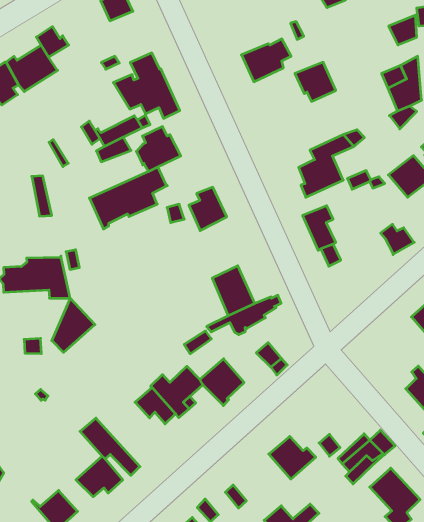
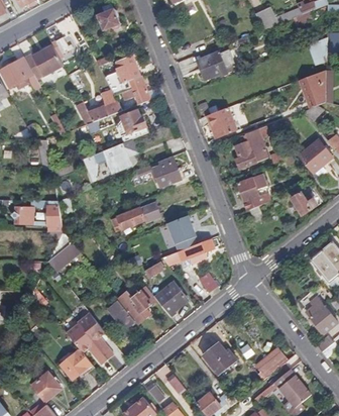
building: [295,62,336,101] -> [207,108,236,136]
building: none -> [112,202,161,229]
building: none -> [77,312,112,358]

